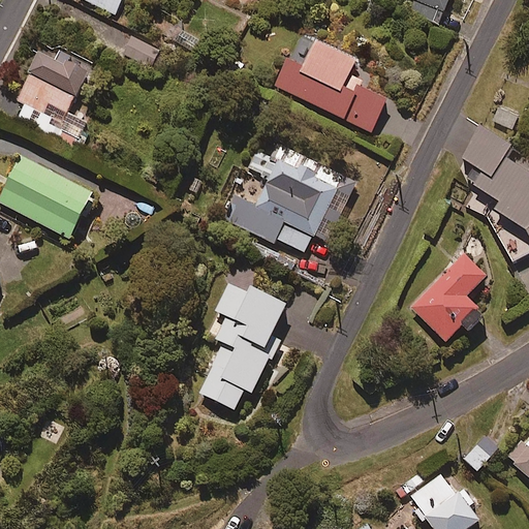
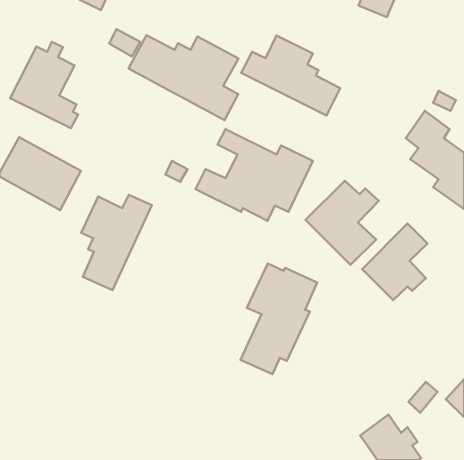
building: none -> [129,35,238,120]
building: none -> [306,181,379,265]
building: none -> [81,195,152,290]
building: [198,283,285,409] -> [241,263,317,374]

